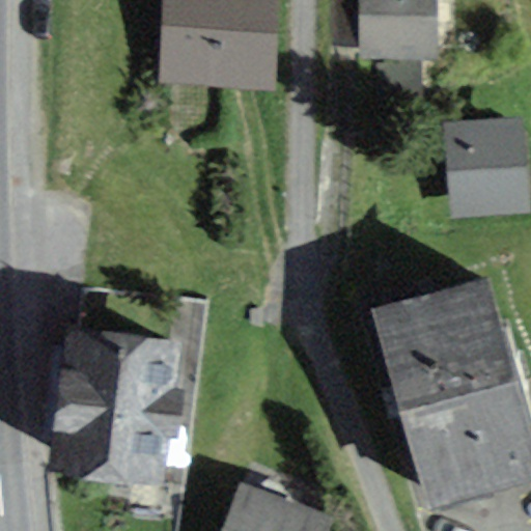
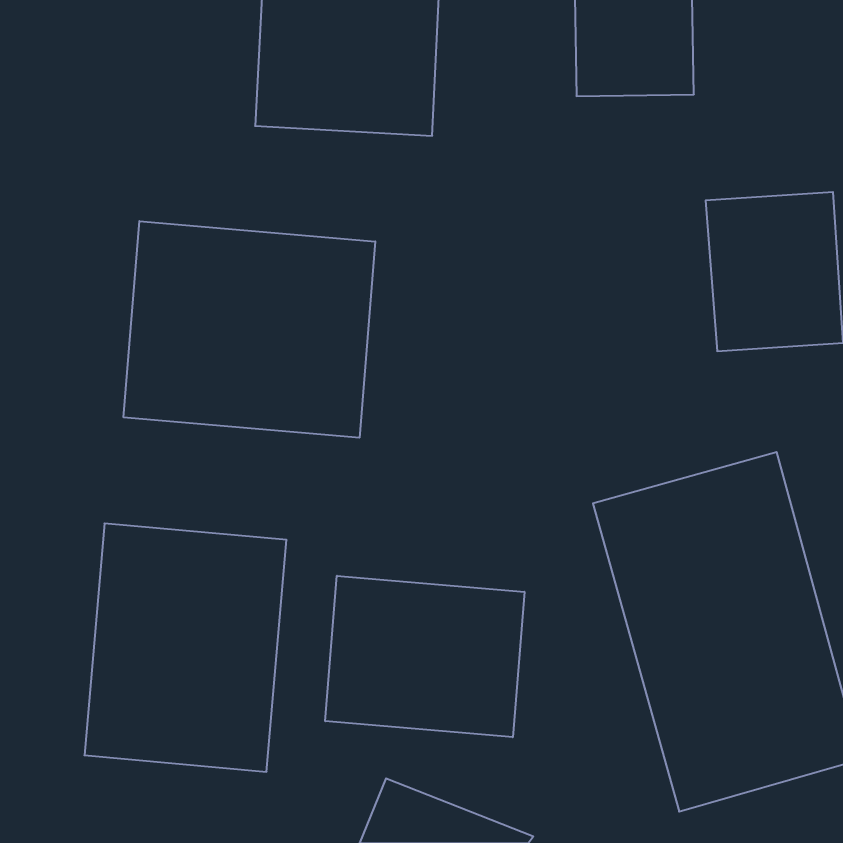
building: none -> [124,221,375,438]
building: none -> [325,576,524,737]

